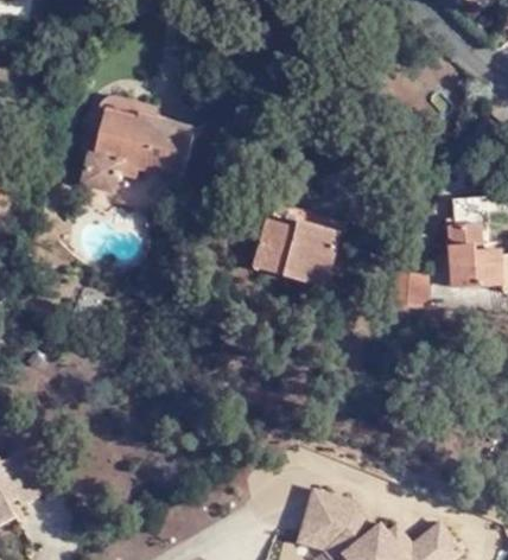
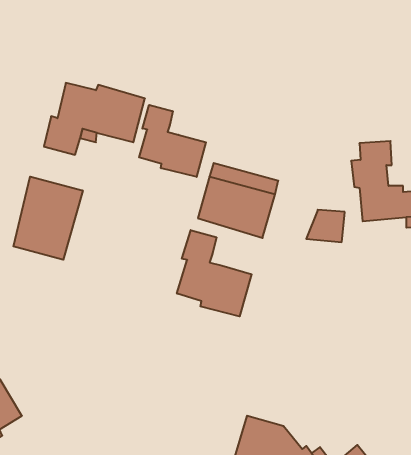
building: none -> [139,105,206,177]
building: none -> [13,177,83,260]
building: none -> [177,230,252,316]

